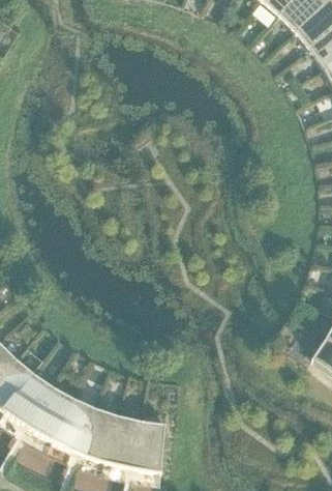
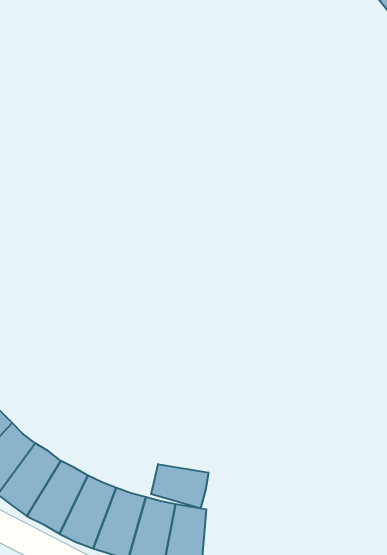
building: none -> [151,464,209,508]

